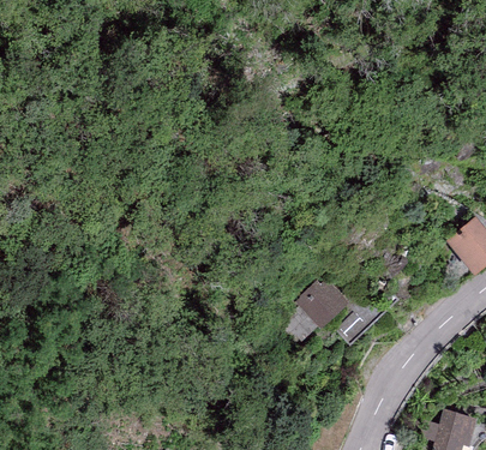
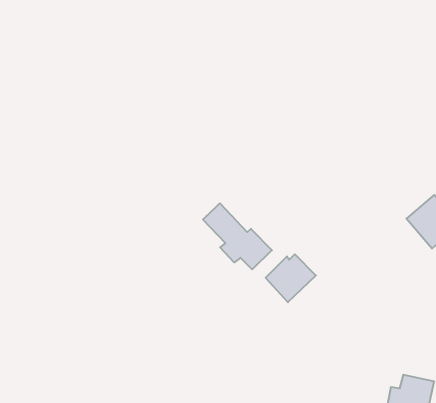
building: none -> [203,203,272,269]

